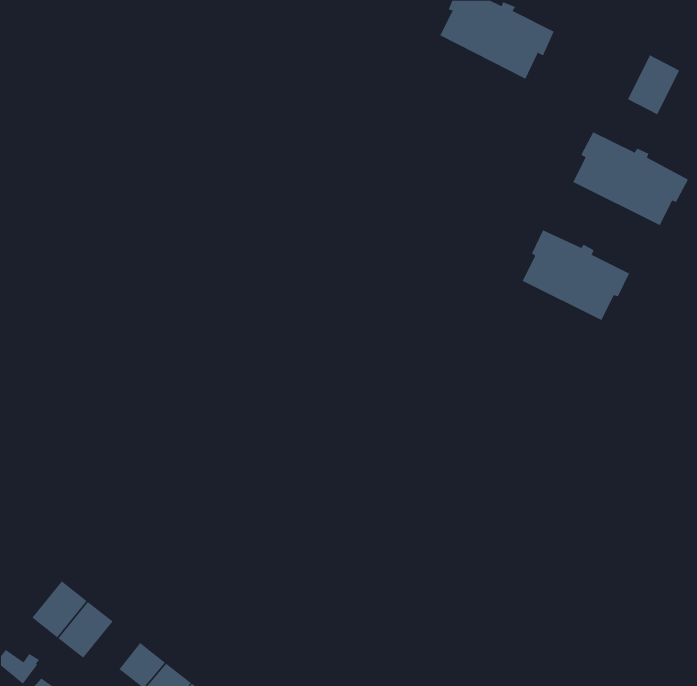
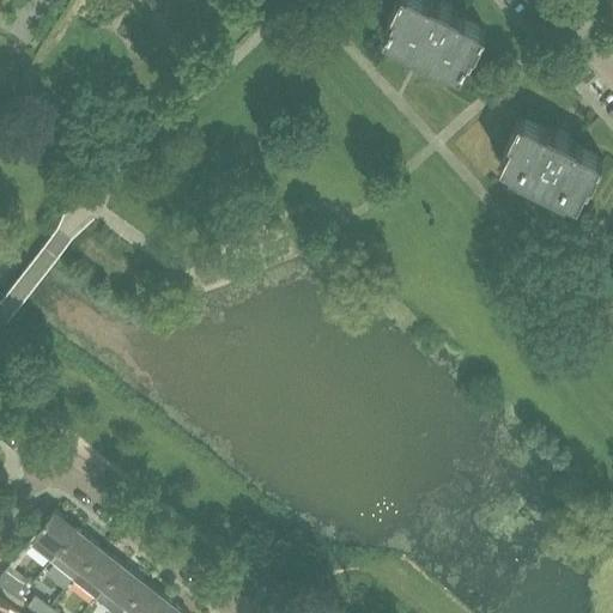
building: [627,54,680,115] -> none
building: [522,230,630,321] -> none
building: none -> [74,556,125,607]

